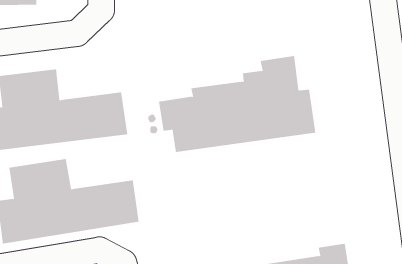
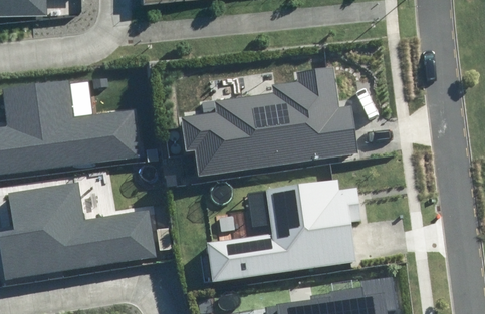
building: none -> [209,181,359,280]

